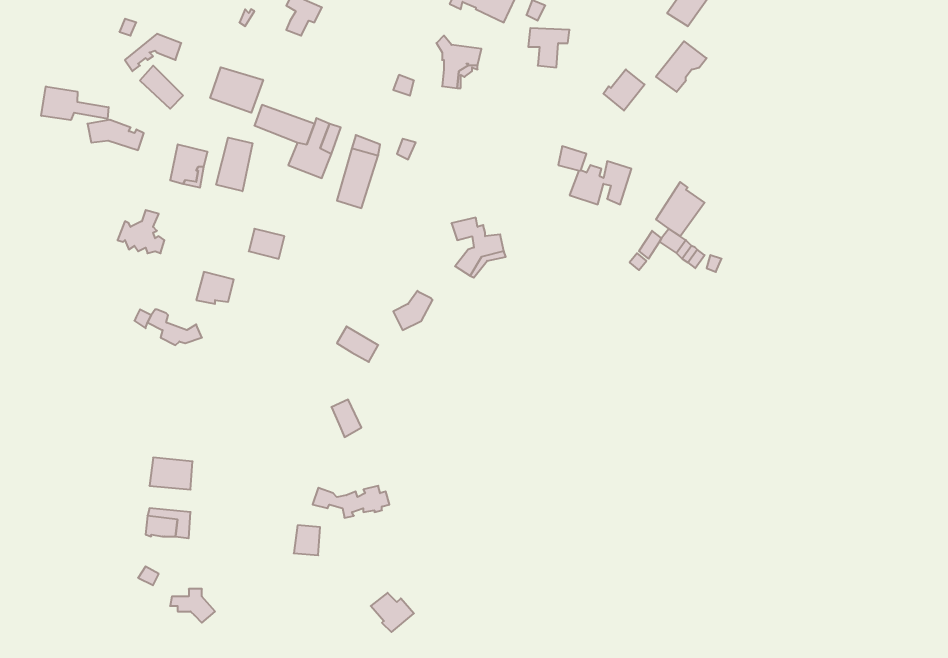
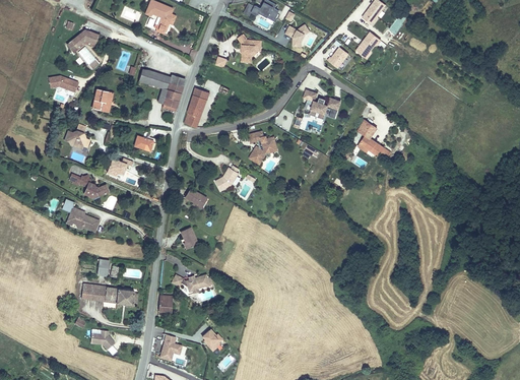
building: [210,67,263,113] -> none
building: [41,86,109,120] -> none
building: [216,138,253,191] -> none
building: none -> [70,210,100,234]
building: none -> [103,289,132,306]
building: none -> [158,334,182,362]

